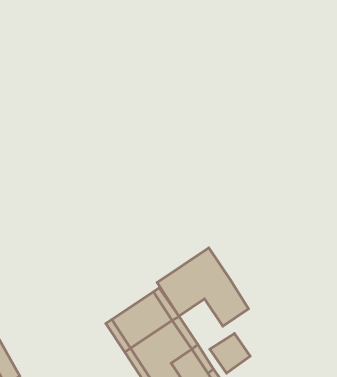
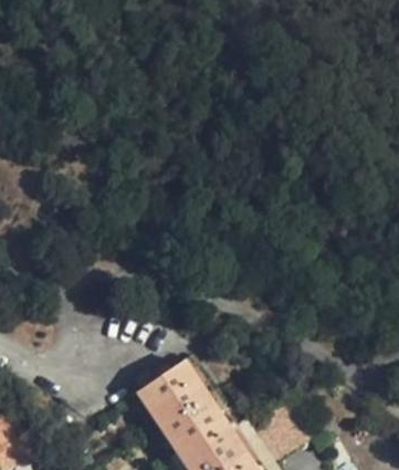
building: [157,248,249,326] -> none

